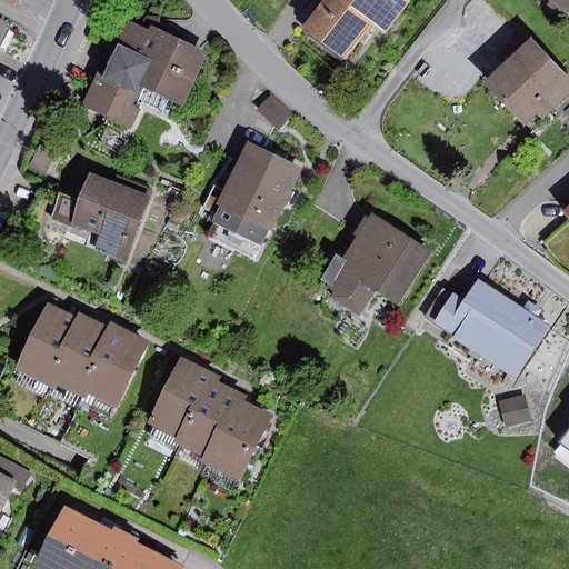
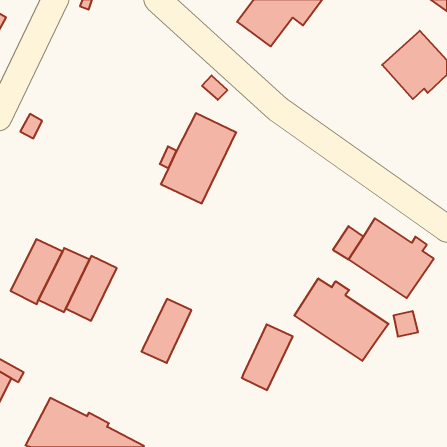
building: [80,21,207,126] -> none
building: [49,176,148,262] -> none
building: [318,212,431,317] -> none
building: none -> [294,278,389,361]
building: [148,358,213,441] -> none
building: [209,398,273,481] -> [242,324,293,390]

